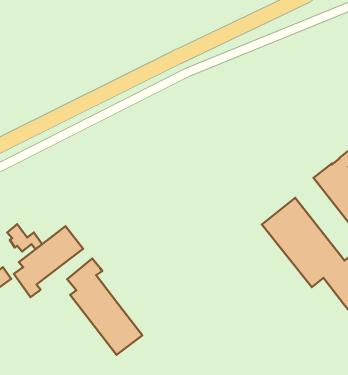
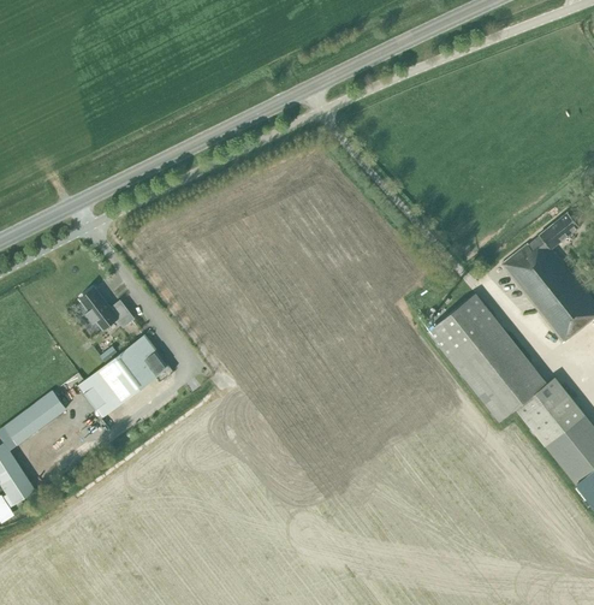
building: [7,224,42,252] -> [82,290,132,330]
building: [67,258,142,355] -> none

